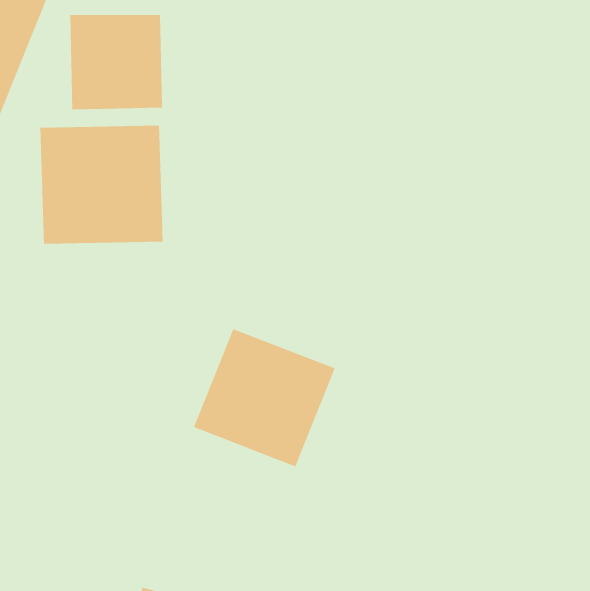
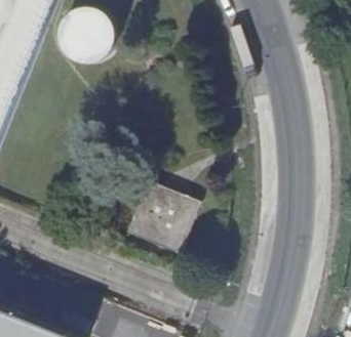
building: [40,125,163,244] -> none

